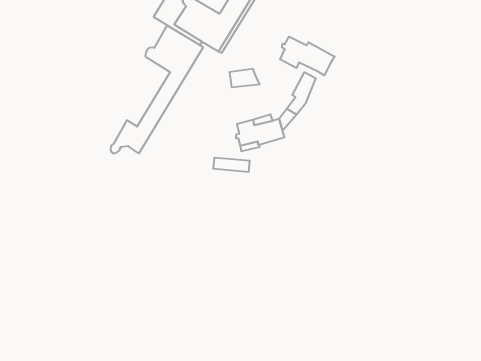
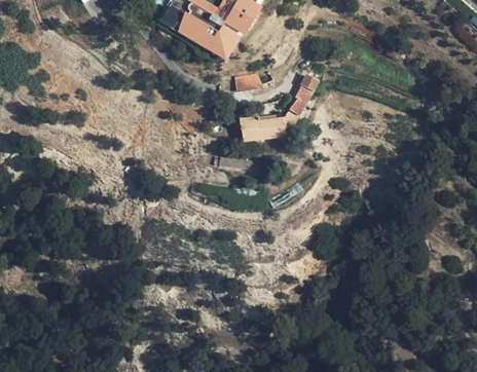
building: [111,26,203,154] -> none
building: [280,37,335,75] -> none

